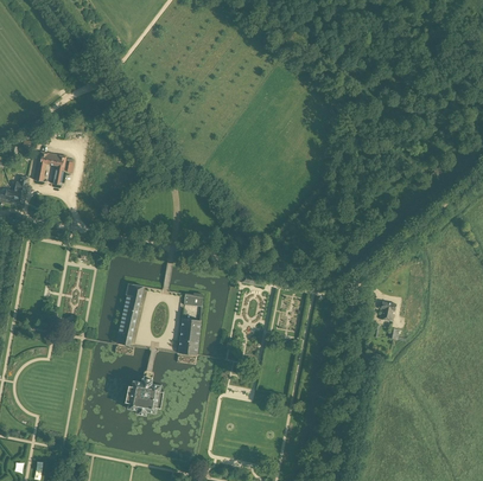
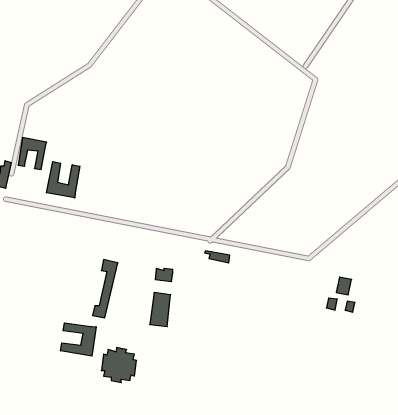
building: none -> [46,162,80,198]
building: none -> [61,323,96,356]

